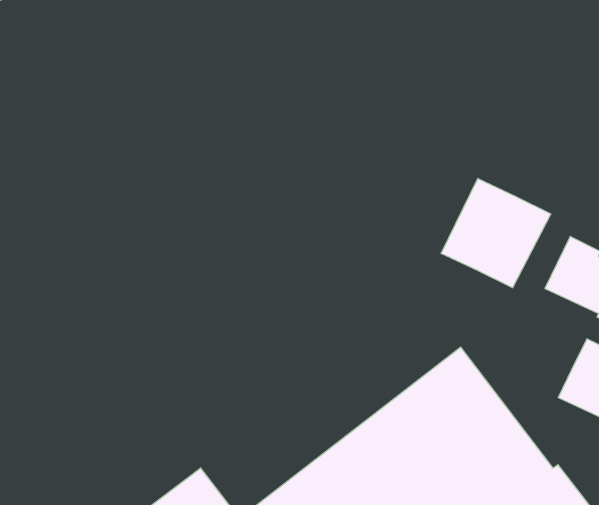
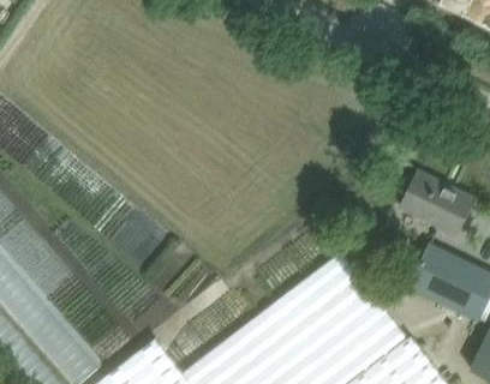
building: [441,178,551,288] -> none

